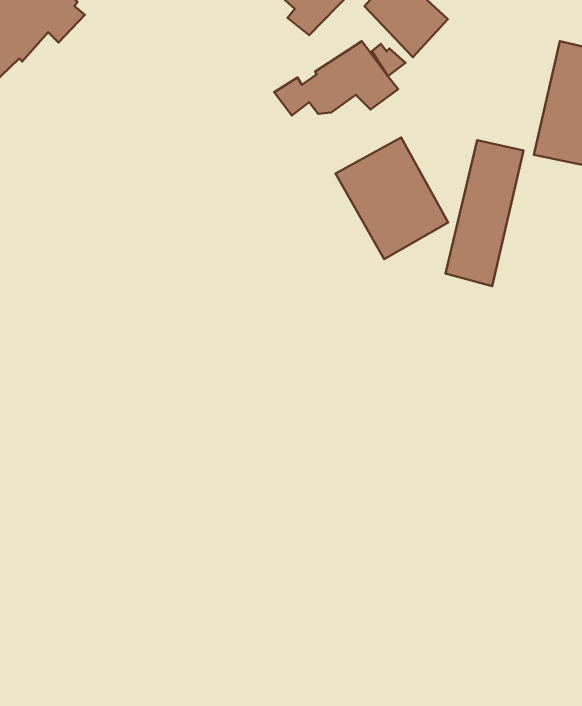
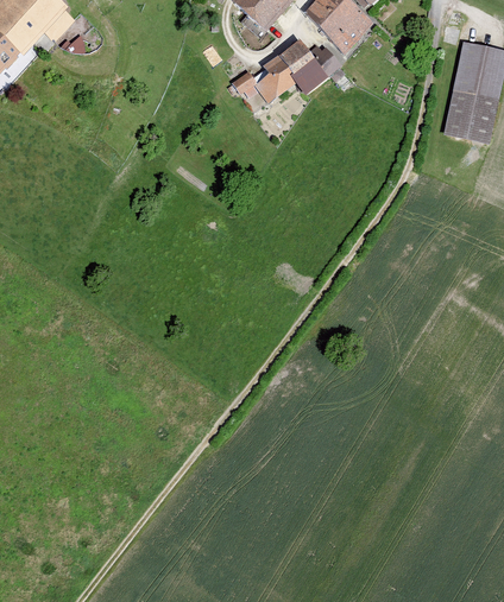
building: [336,138,448,259] -> none
building: [445,140,523,286] -> none

